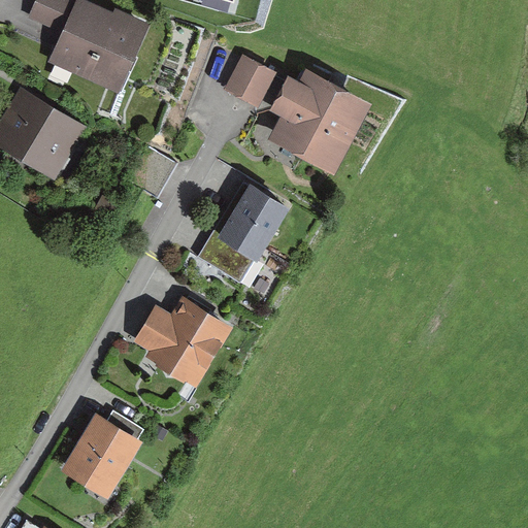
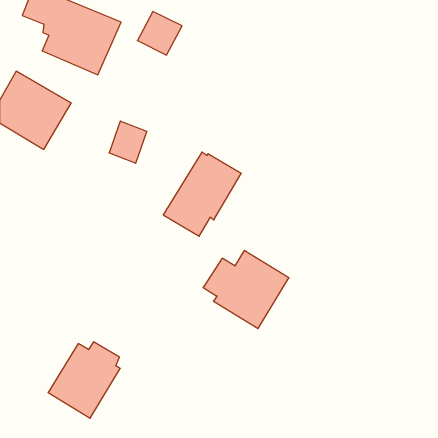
building: [223,55,276,107] -> [137,11,182,55]
building: [267,68,371,175] -> none
building: [132,296,235,390] -> [203,250,289,329]

